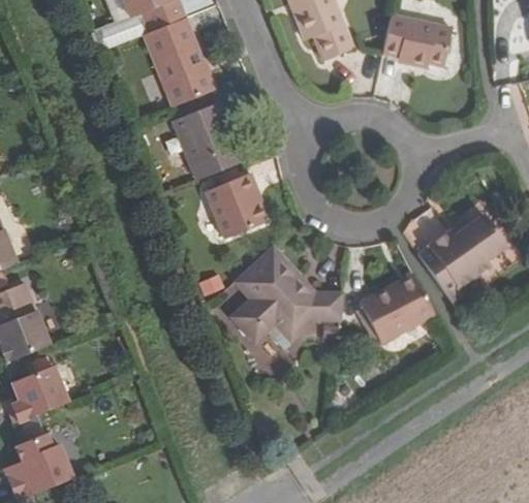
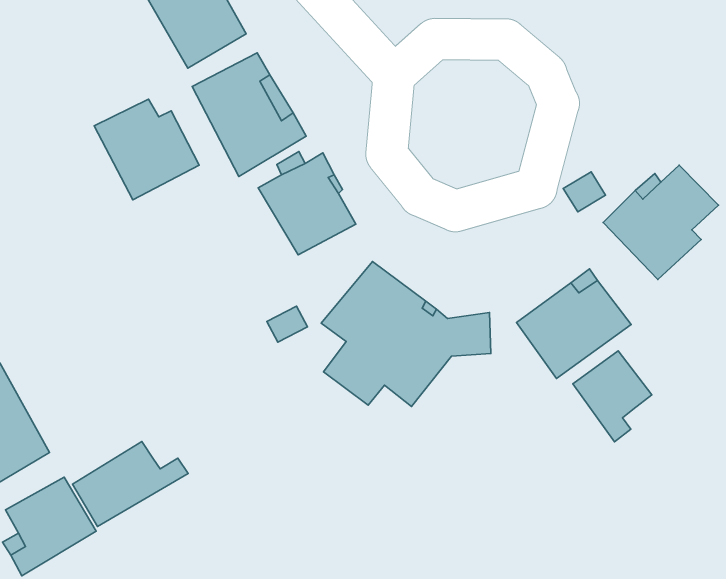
building: none -> [94,99,199,200]
building: none -> [573,351,652,442]
building: none -> [73,442,188,526]

